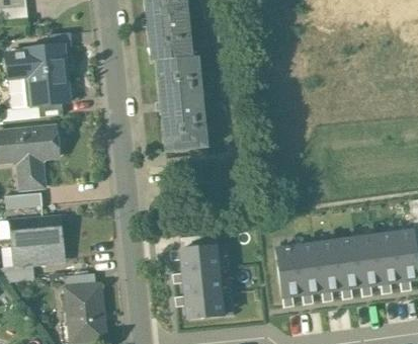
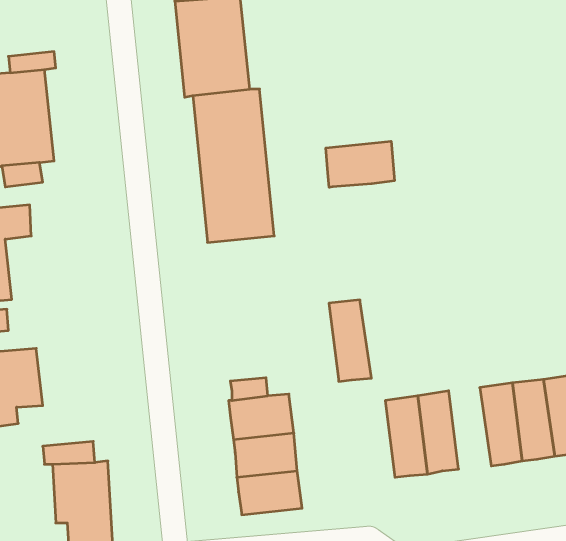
building: none -> [326,141,394,187]
building: [316,241,342,291] -> [329,300,371,381]

